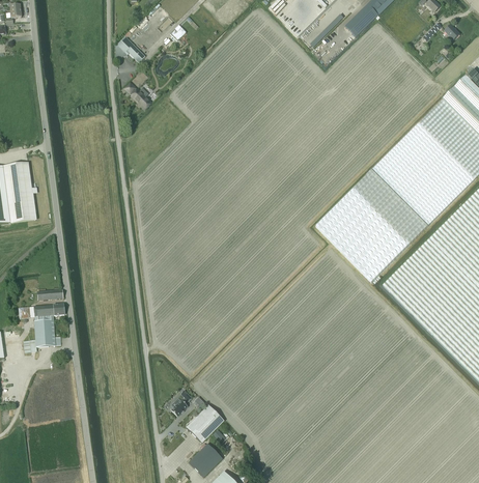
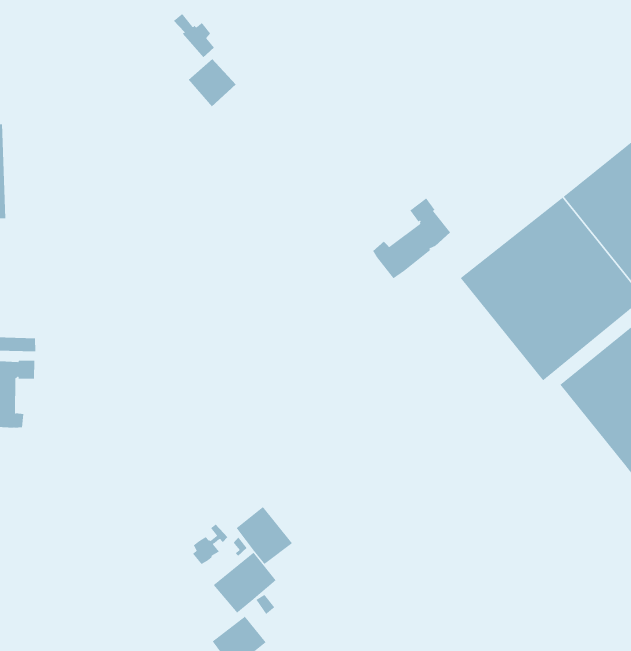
building: none -> [188,58,237,107]
building: none -> [373,197,451,279]
building: none -> [236,506,293,565]

